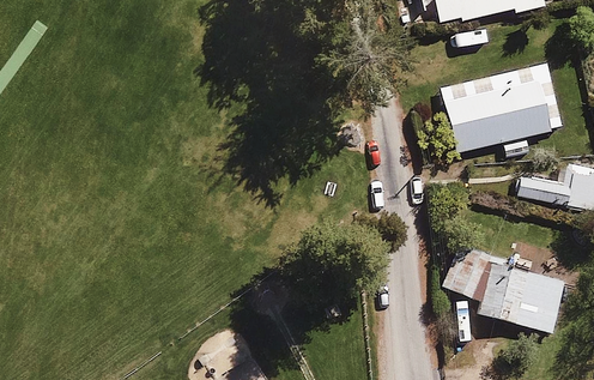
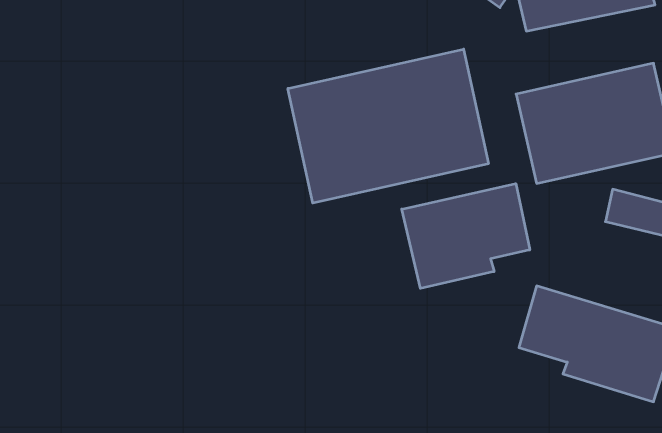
building: none -> [288,49,488,203]
building: none -> [402,184,530,288]

